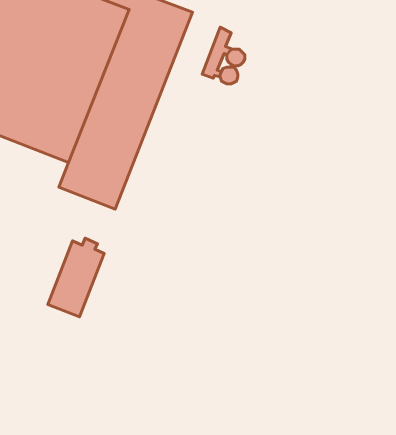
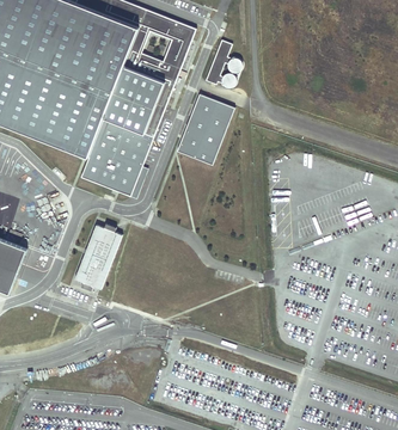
building: none -> [176,94,232,165]

